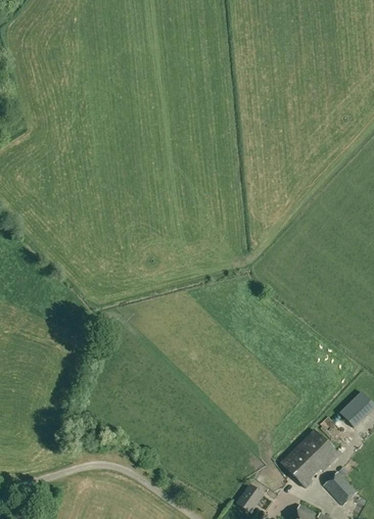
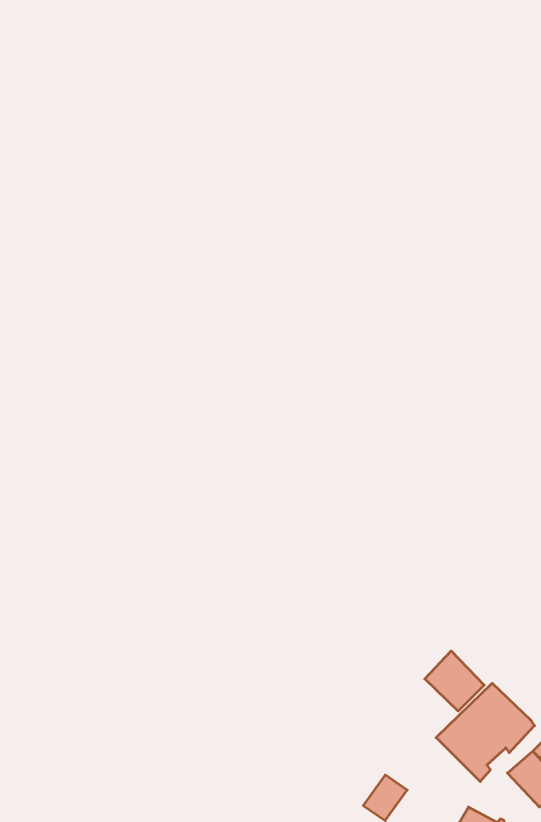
building: none -> [425,651,484,711]

